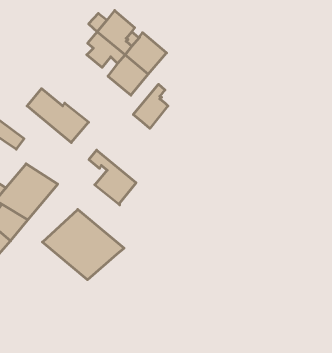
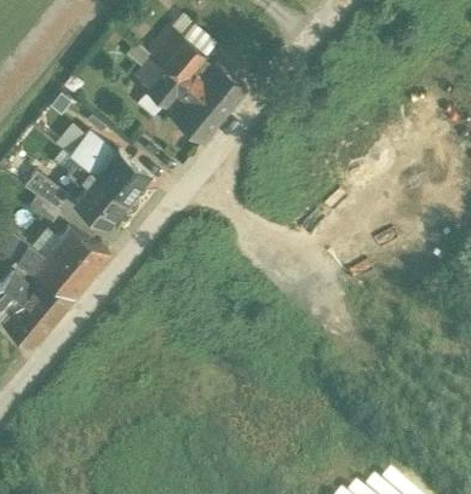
building: [133,84,168,128] -> none
building: [89,150,136,205] -> [68,160,127,229]
building: [42,209,124,280] -> none

